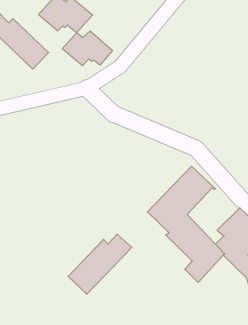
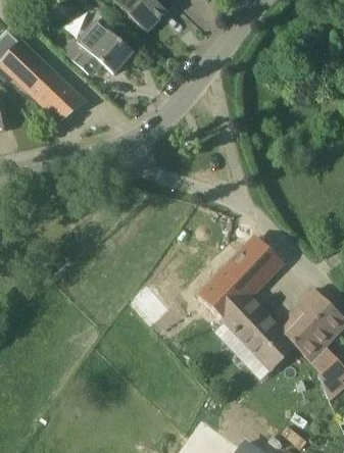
building: [62,31,112,66] -> none
building: [68,234,132,294] -> none

